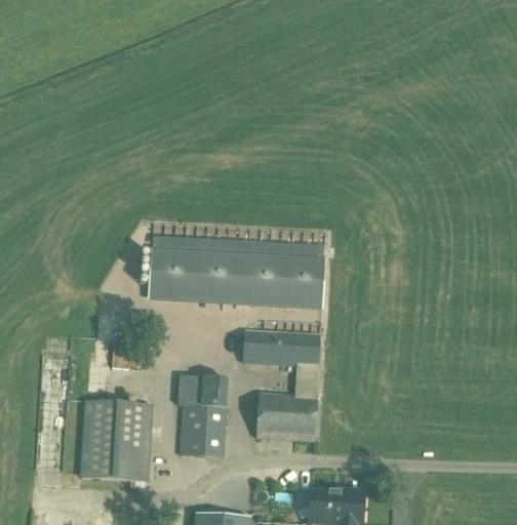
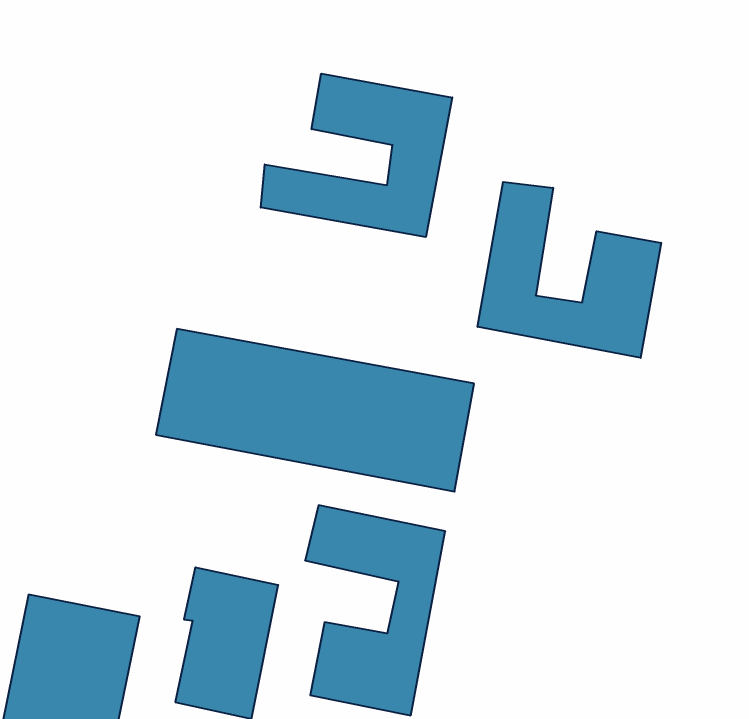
building: none -> [261,74,452,237]
building: none -> [478,182,661,358]

